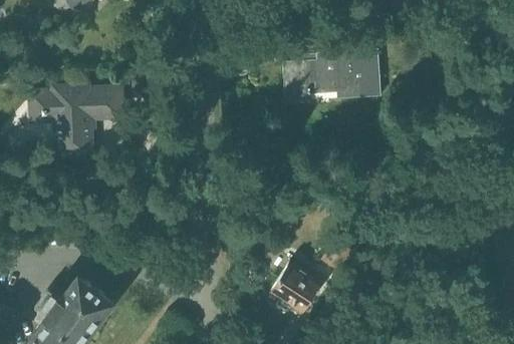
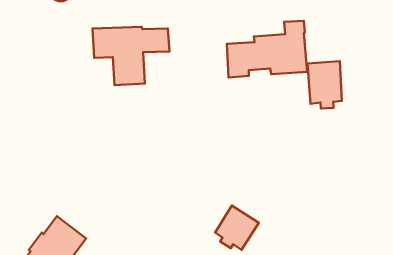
building: none -> [308,61,342,109]
building: [28,85,122,156] -> [92,27,170,85]

